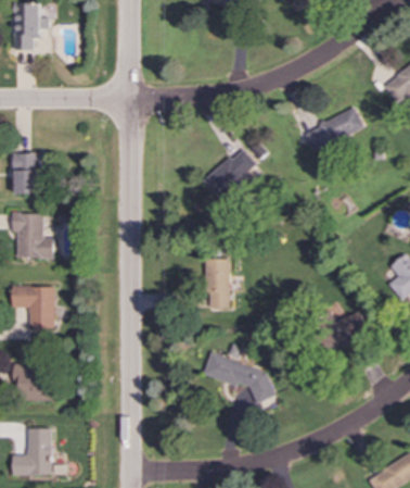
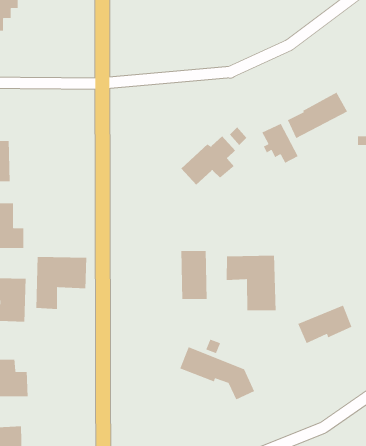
building: none -> [261,123,299,164]
building: none -> [226,255,276,311]
building: none -> [35,256,87,310]

